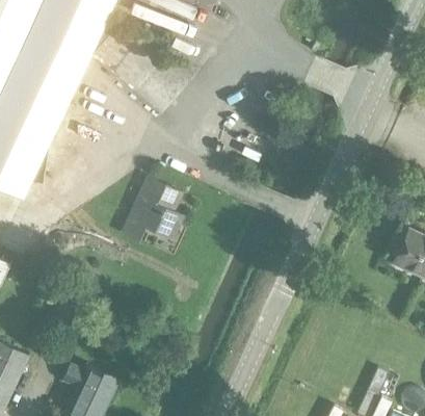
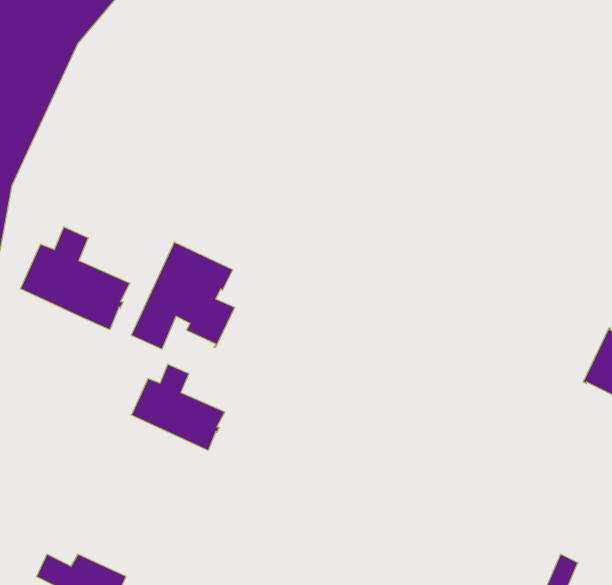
building: none -> [20,227,130,330]
building: none -> [132,364,225,450]

